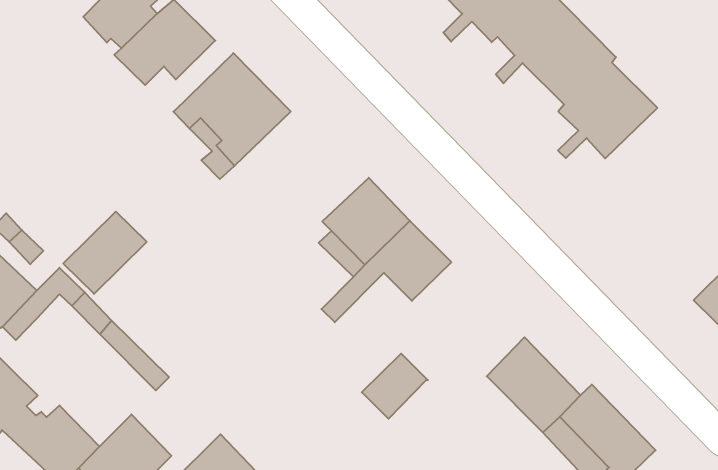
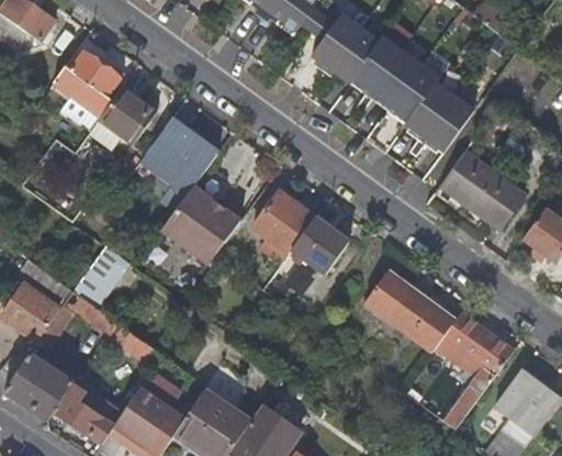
building: none -> [165,183,248,267]
building: none -> [441,149,525,226]
building: [362,354,428,419] -> [364,269,409,316]

